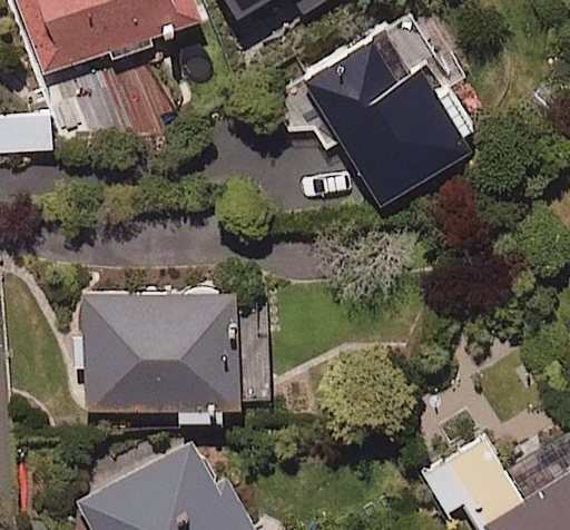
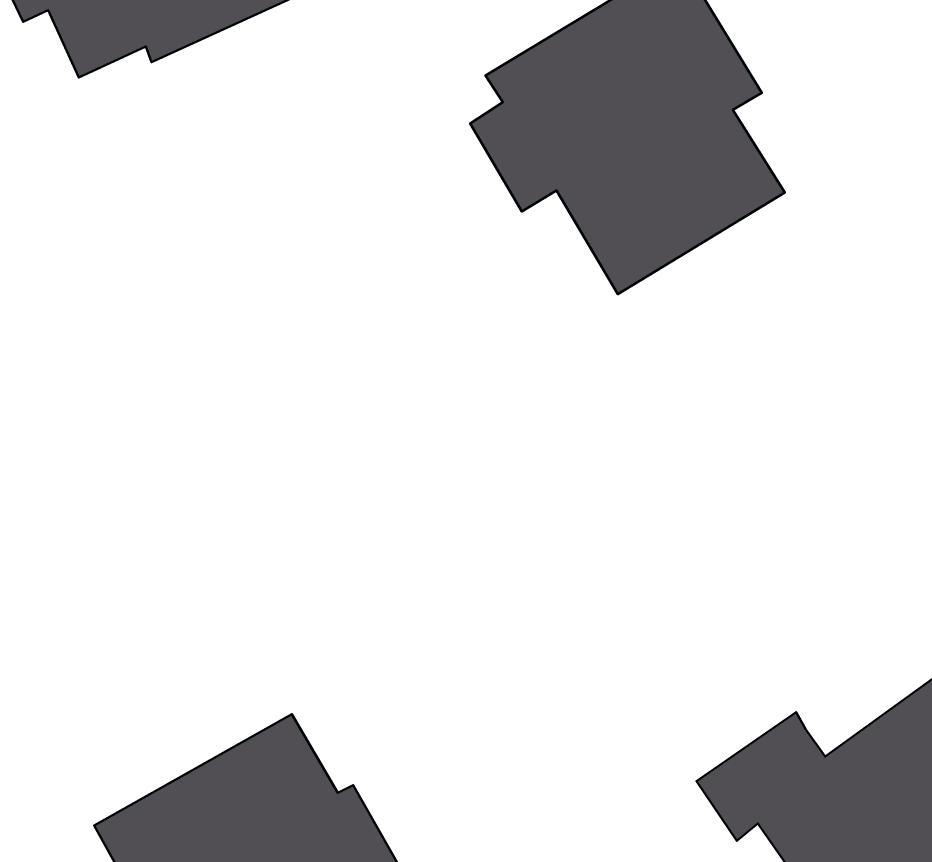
building: [71,288,244,418] -> none

